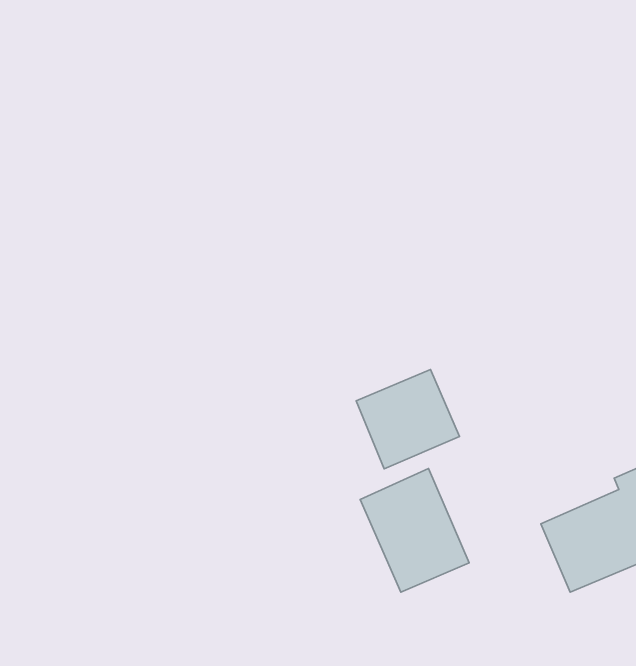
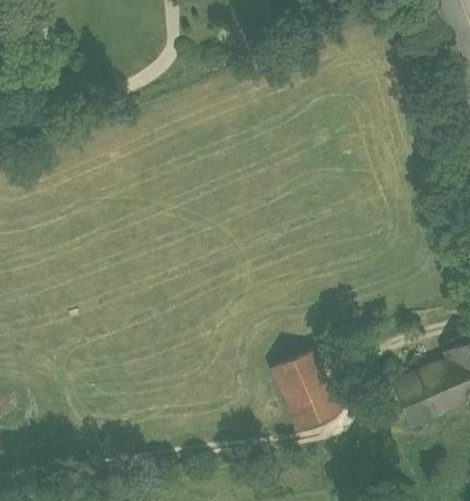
building: [356,370,460,469] -> none

